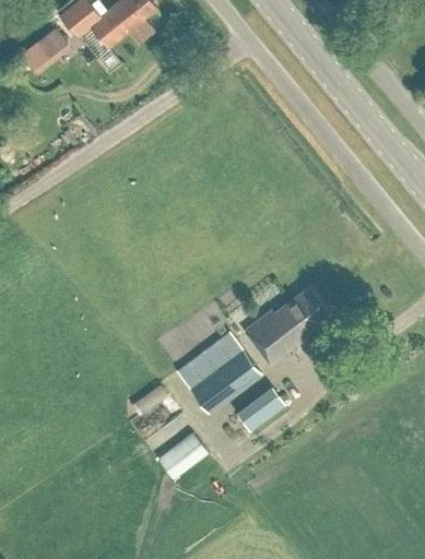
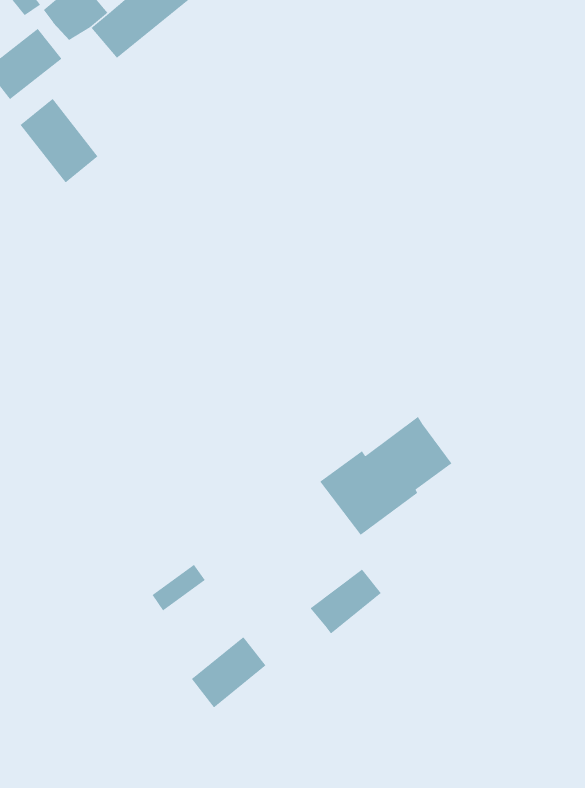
building: none -> [20,98,99,183]
building: [177,333,262,415] -> none

